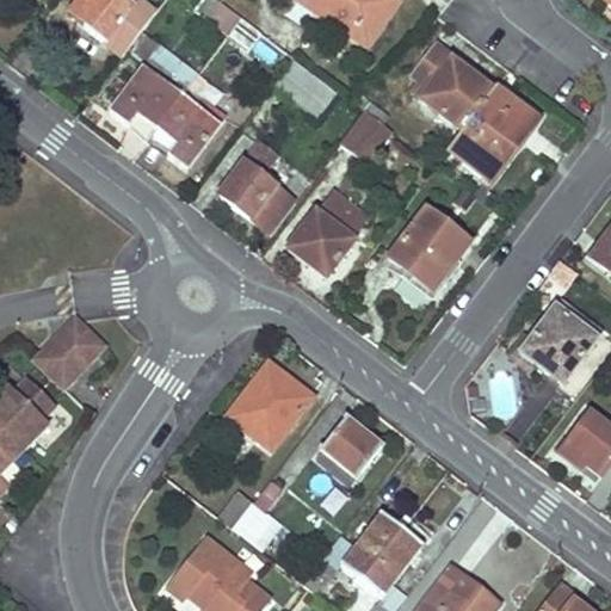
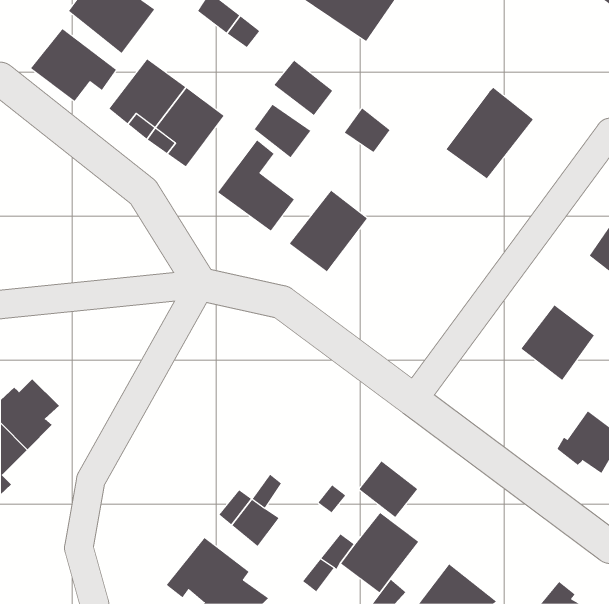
building: none -> [30,28,117,102]
building: [414,43,489,129] -> none
building: none -> [254,104,311,158]
building: [389,208,468,289] -> none
building: [39,317,109,387] -> none
building: [228,360,311,446] -> none
building: [321,416,381,474] -> [359,461,418,518]

